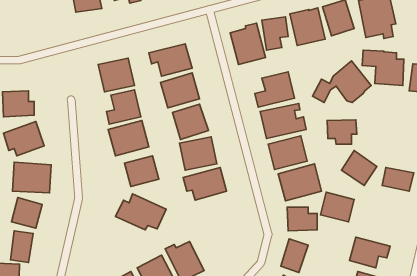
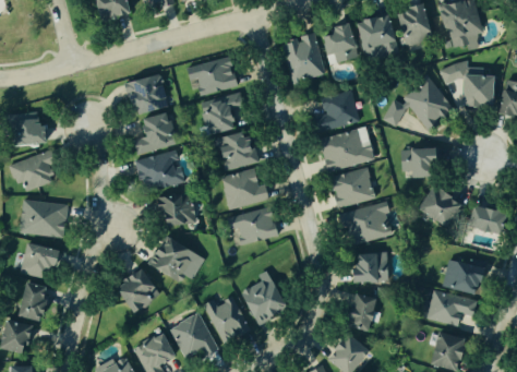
building: [321,192,354,222] -> [444,260,484,296]
building: none -> [115,268,160,313]
building: none -> [241,269,289,325]

